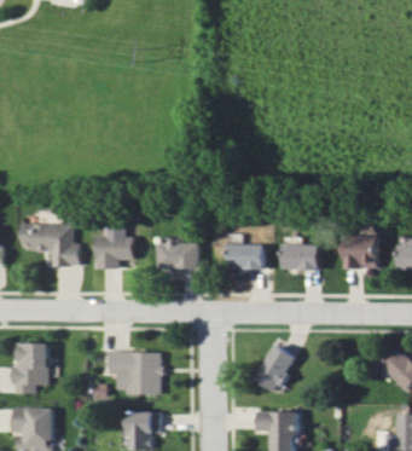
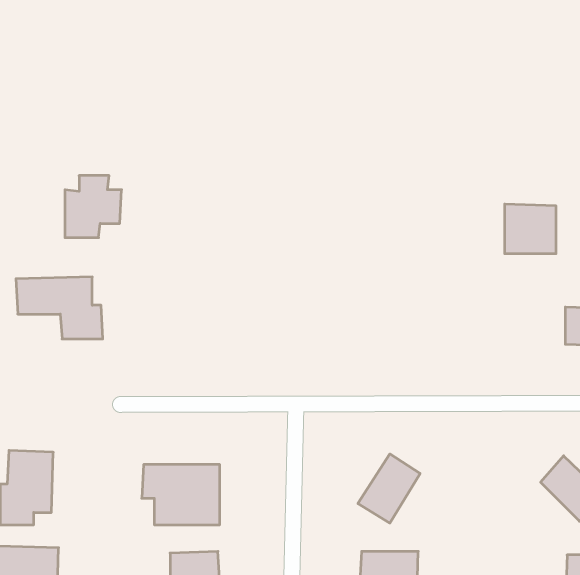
building: [98,226,137,268] -> [65,176,122,238]
building: [343,235,378,268] -> [505,204,556,254]
building: [159,243,201,268] -> none
building: [228,243,266,270] -> none
building: [283,244,320,270] -> none

